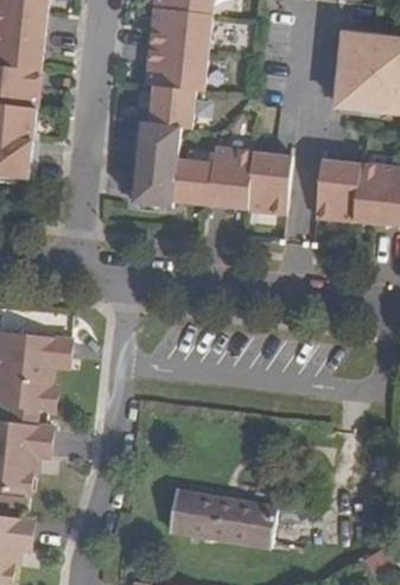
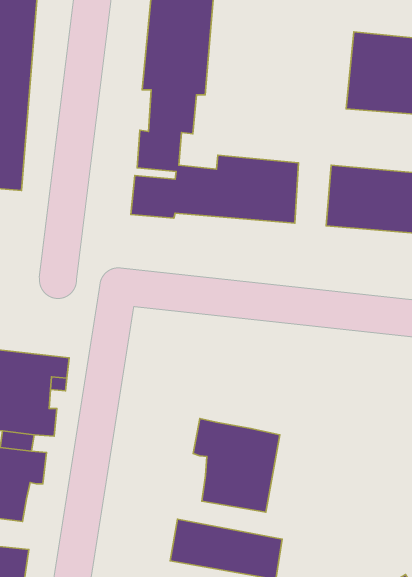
building: none -> [193,418,280,512]

